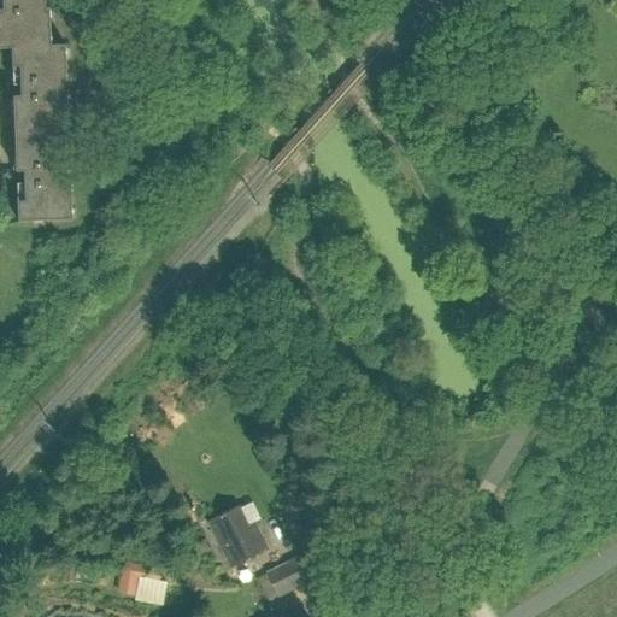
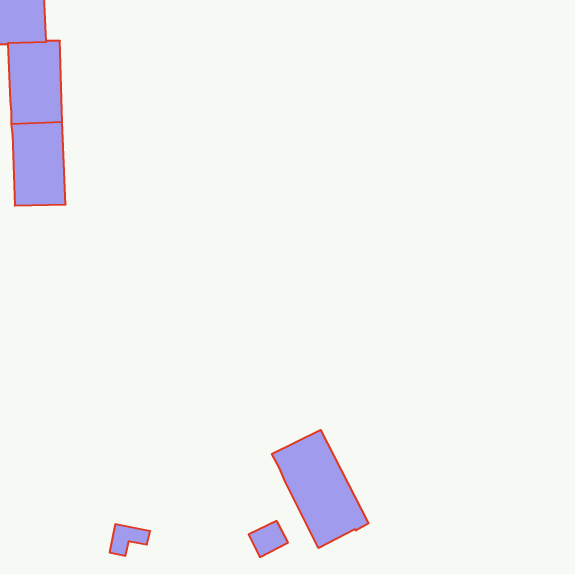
building: none -> [272,430,369,548]
building: [207,505,265,564] -> none

